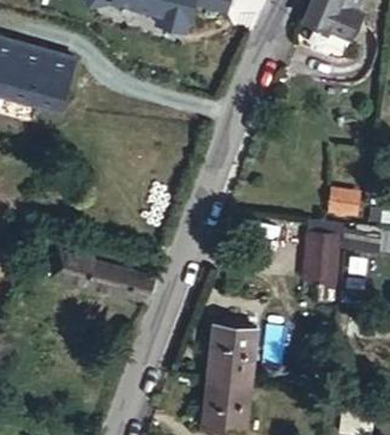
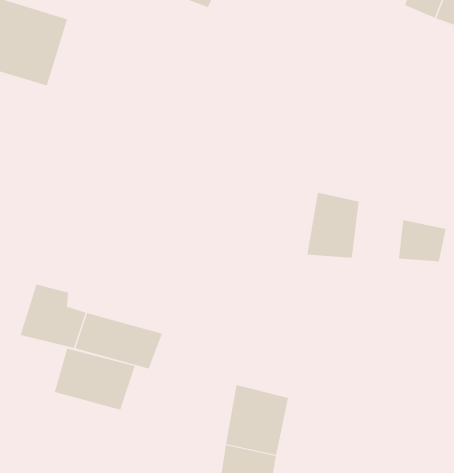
building: [300,234,337,282] -> [307,192,360,258]
building: none -> [54,348,135,410]

